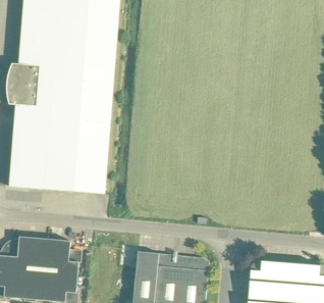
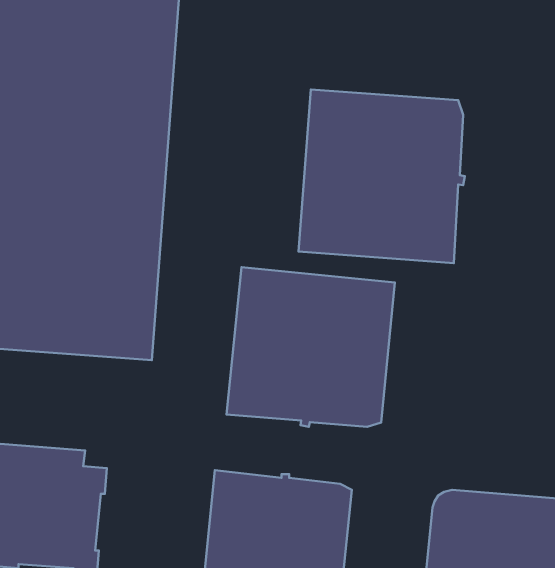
building: none -> [299,90,465,263]
building: none -> [227,267,395,427]

